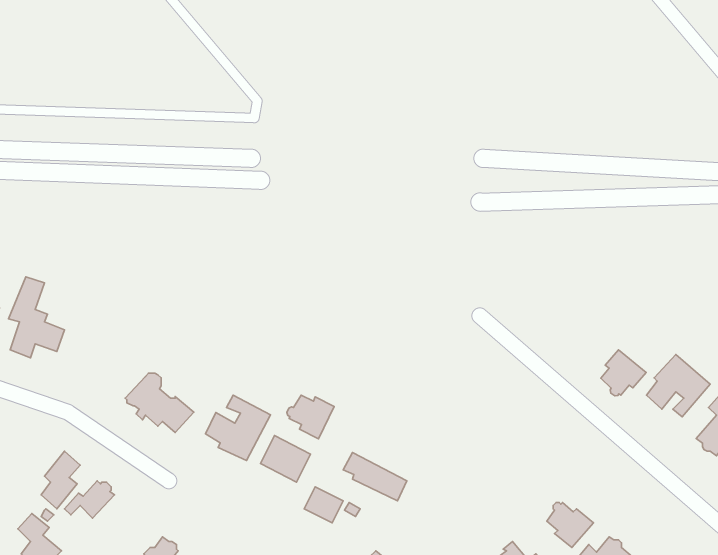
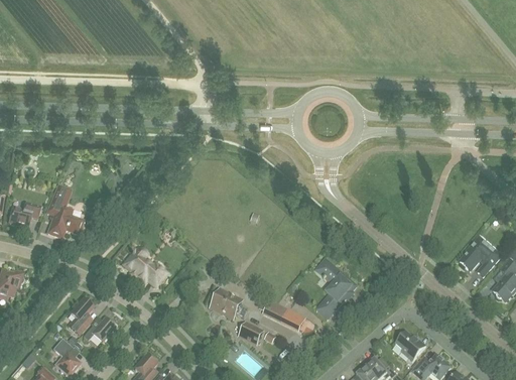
building: [601,350,646,396] -> none
building: none -> [317,260,356,312]
building: [287,395,334,439] -> none
building: [205,395,270,461] -> none

